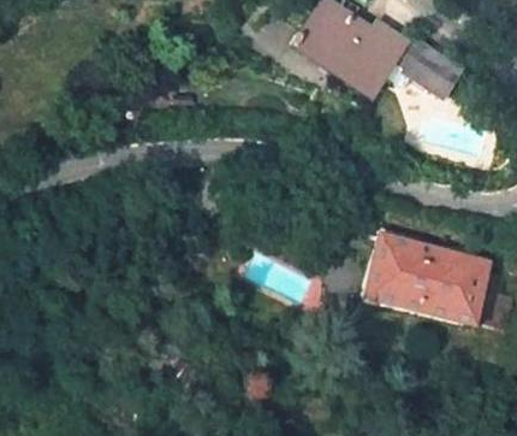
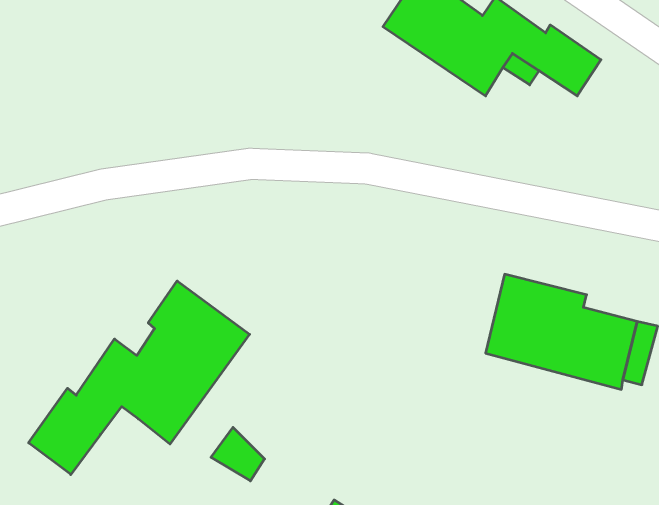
building: none -> [29,281,250,475]

